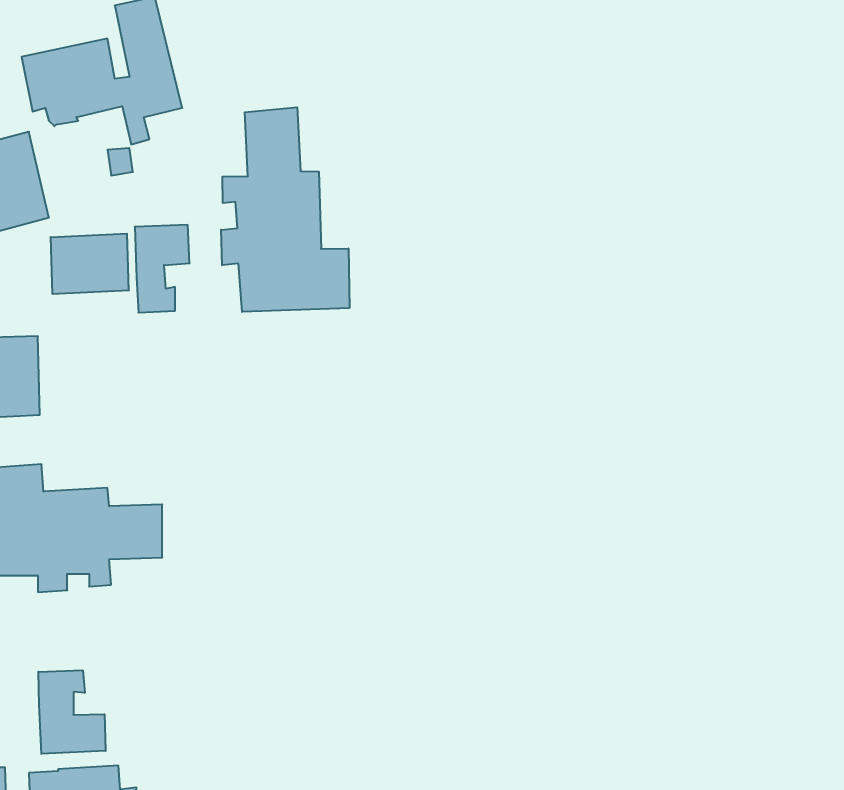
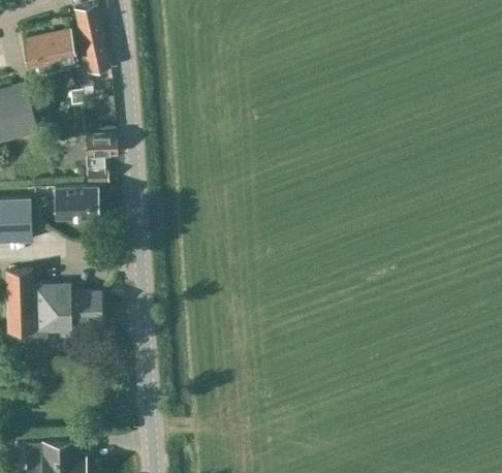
building: [221,107,349,312] -> none
building: [50,234,129,294] -> [55,186,99,220]
building: [38,670,106,754] -> none

